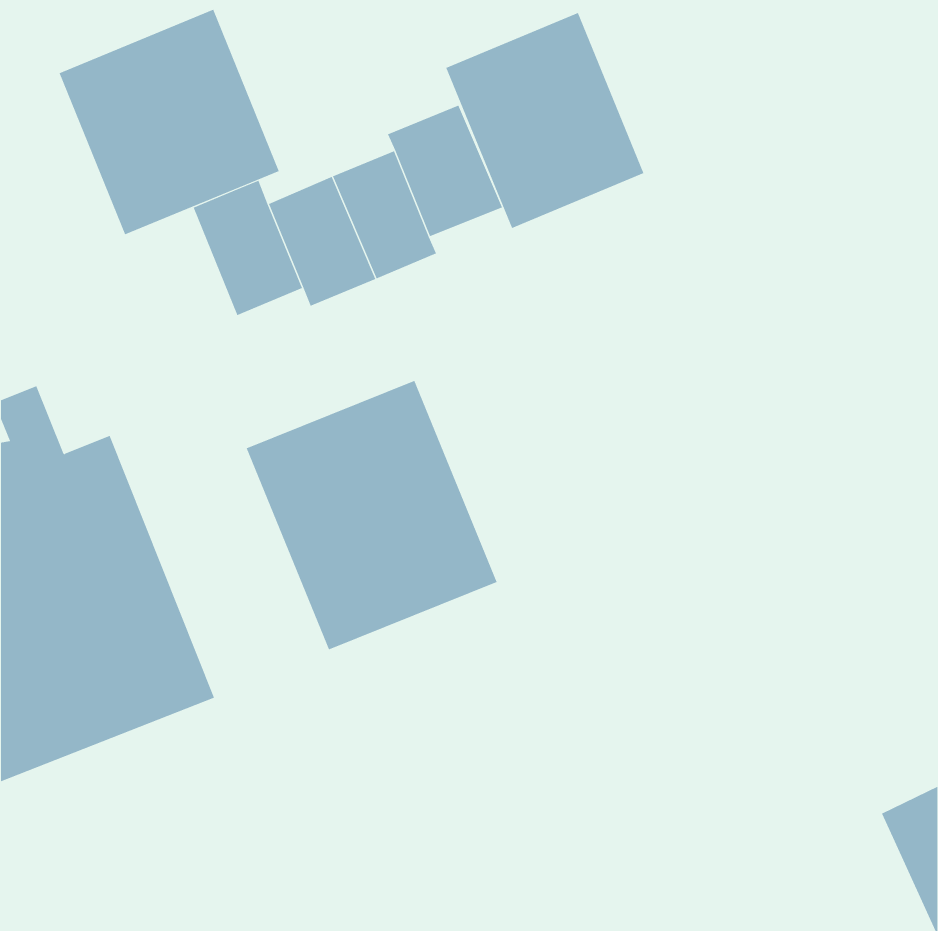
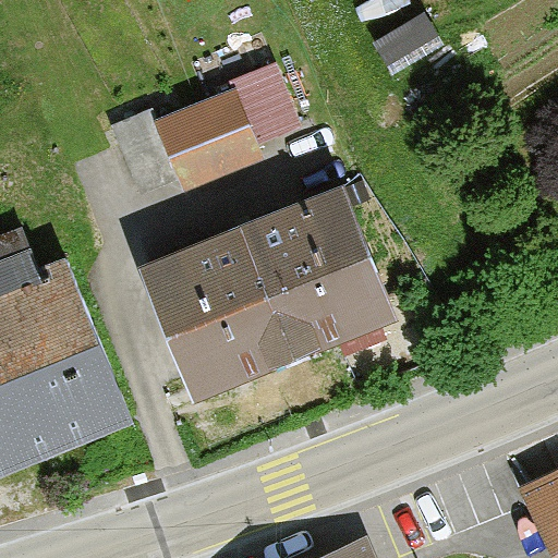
building: [59,9,279,235] -> none
building: [445,12,644,229] -> none
building: none -> [246,191,391,350]

